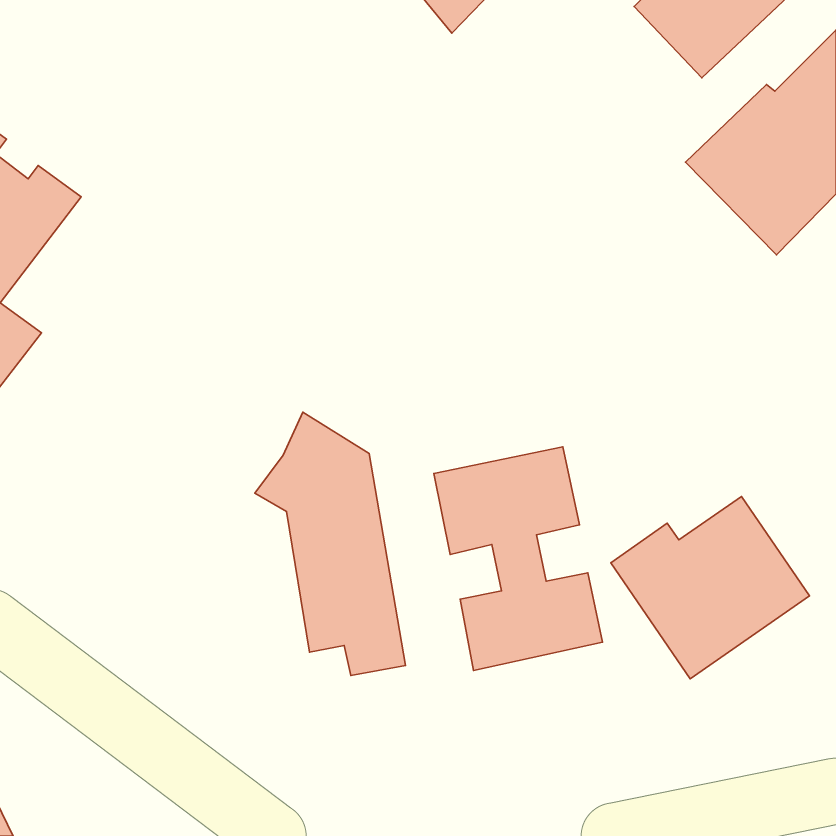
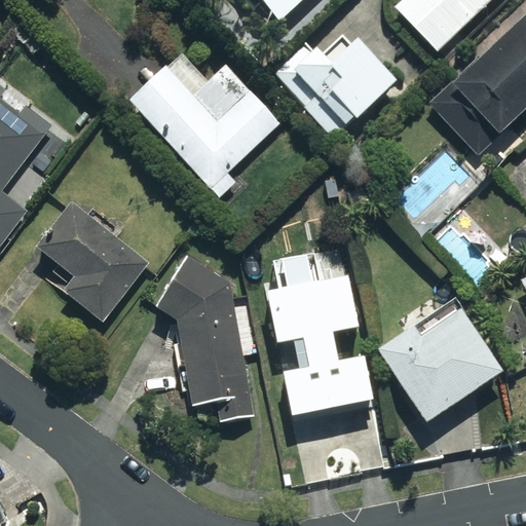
building: none -> [270,32,398,136]
building: none -> [129,65,278,194]
building: none -> [36,200,148,320]

